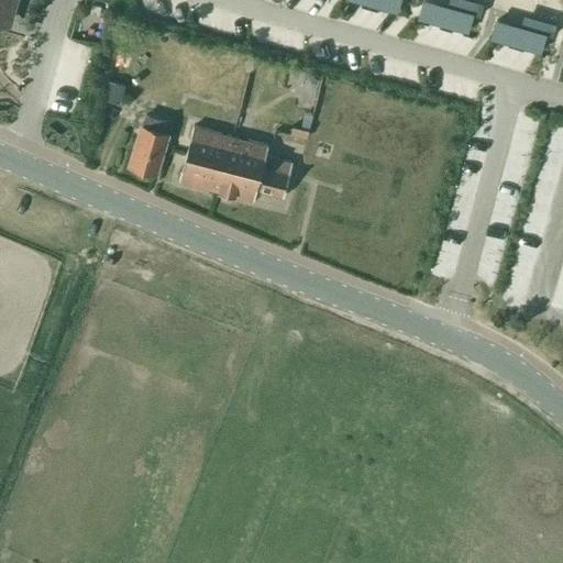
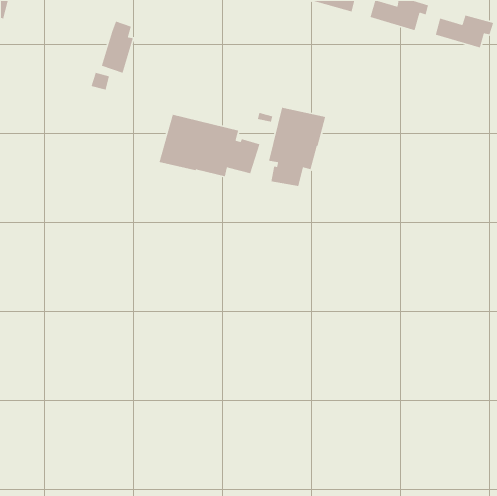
building: [130,114,167,175] -> [101,20,134,74]
building: none -> [268,107,326,187]

